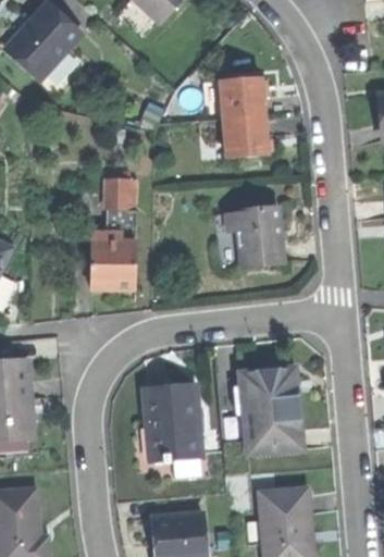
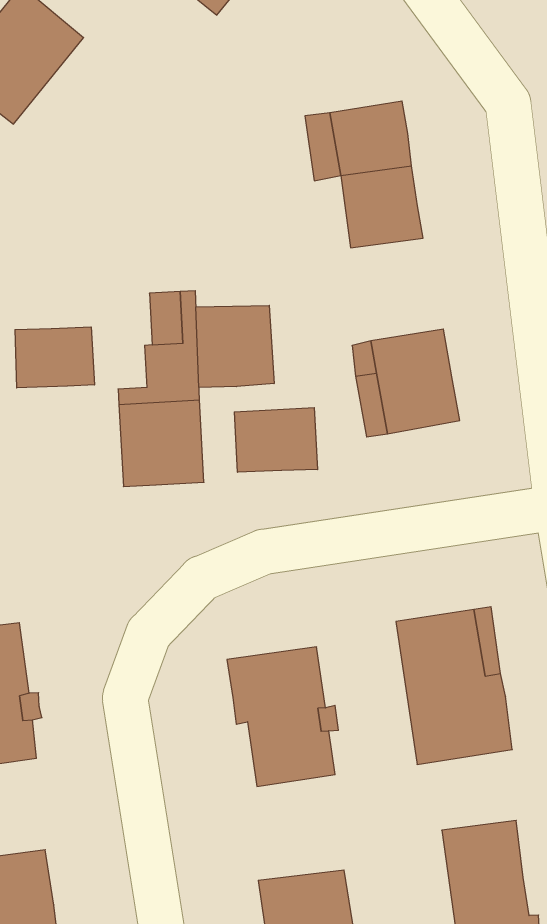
building: none -> [196,305,274,388]
building: none -> [15,327,94,388]
building: none -> [234,408,318,472]

